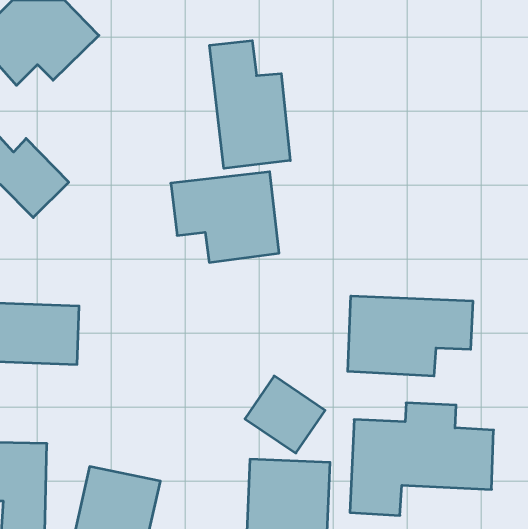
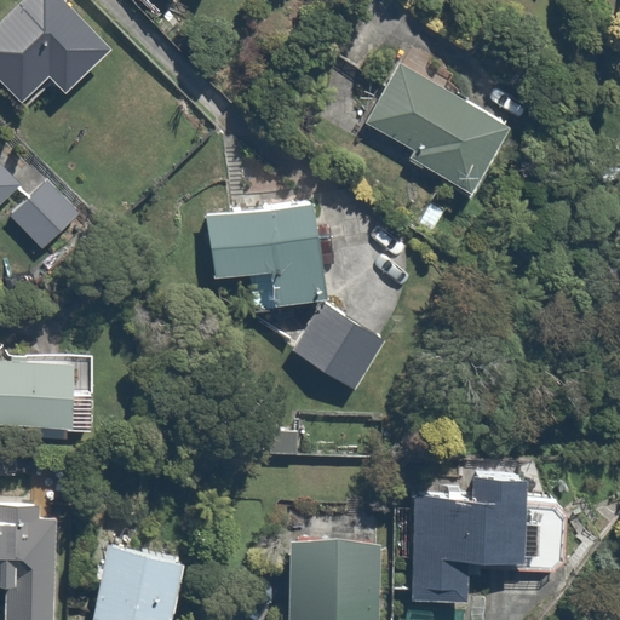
building: [210,41,290,168] -> none
building: none -> [366,65,515,196]
building: [348,296,473,376] -> none
building: [245,376,325,453] -> [287,302,380,391]

